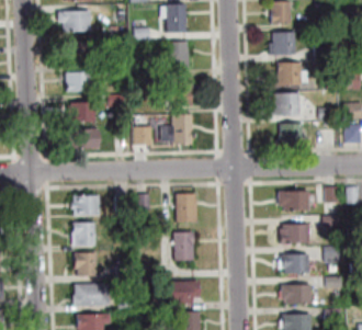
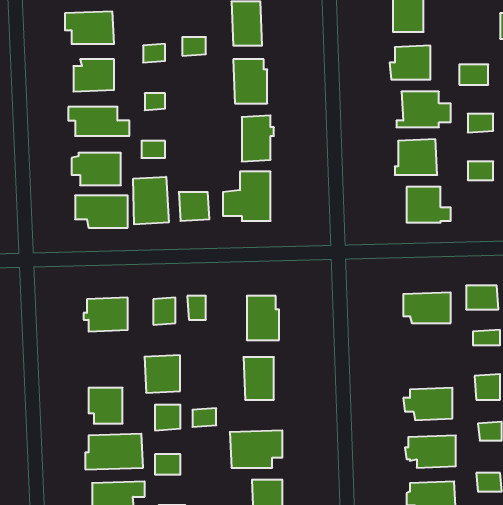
building: none -> [133,177,169,224]
building: [72,223,95,247] -> [144,355,180,393]
building: [280,224,308,244] -> none

